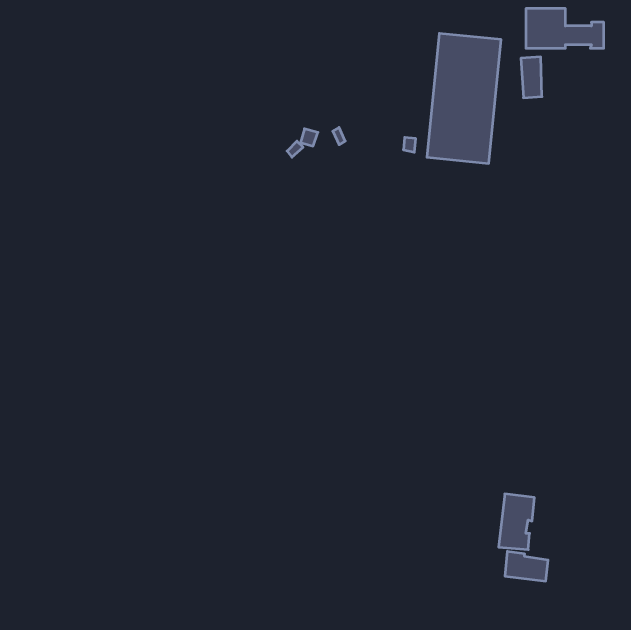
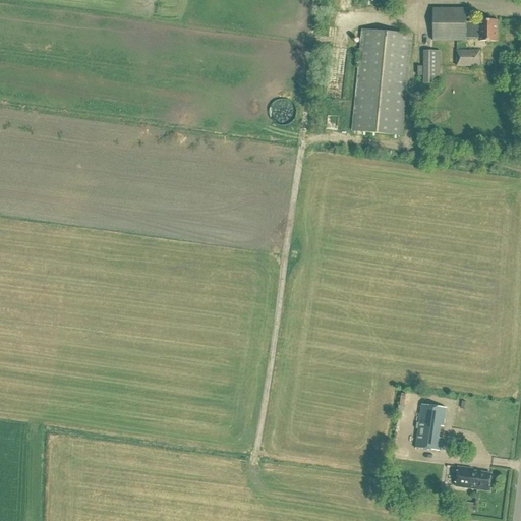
building: none -> [455,50,479,65]
building: [505,551,548,581] -> [455,465,490,489]

